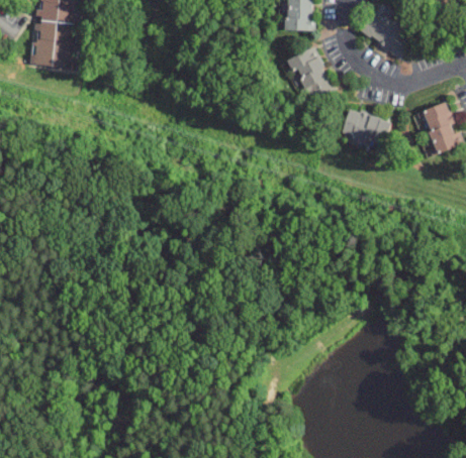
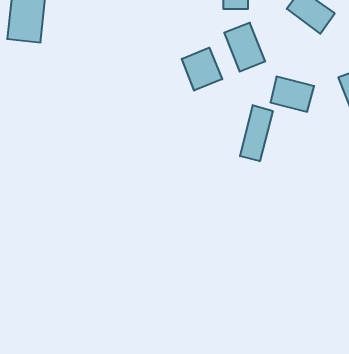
building: none -> [182,48,222,91]
building: none -> [240,105,273,161]

